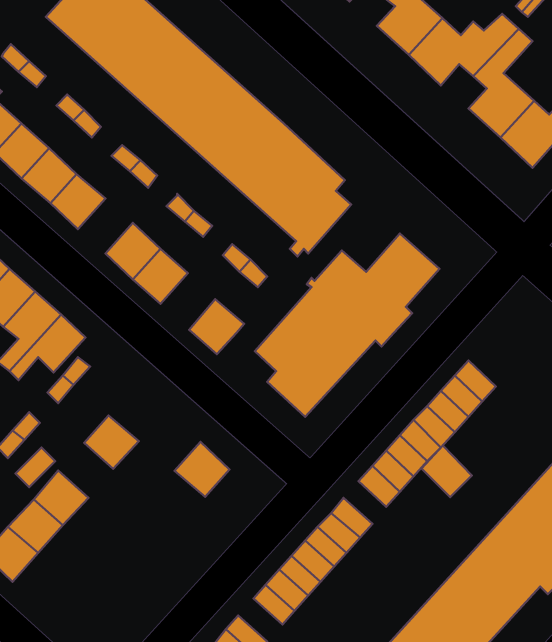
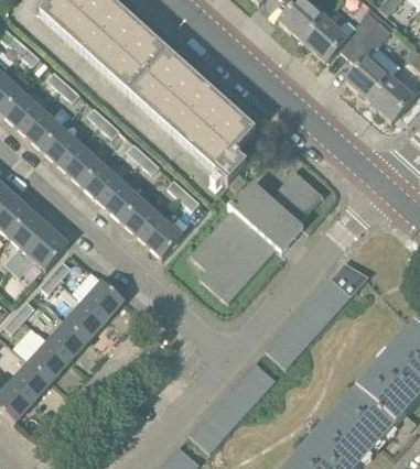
building: none -> [62,144,101,184]
building: none -> [121,198,161,239]
building: [175,442,230,497] -> [84,280,123,319]
building: none -> [47,320,87,360]
building: [421,445,472,497] -> none

